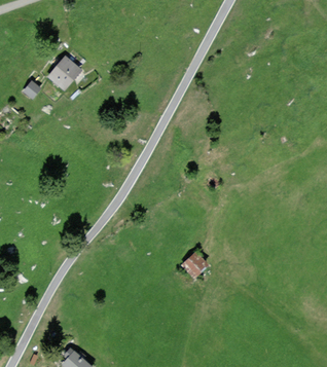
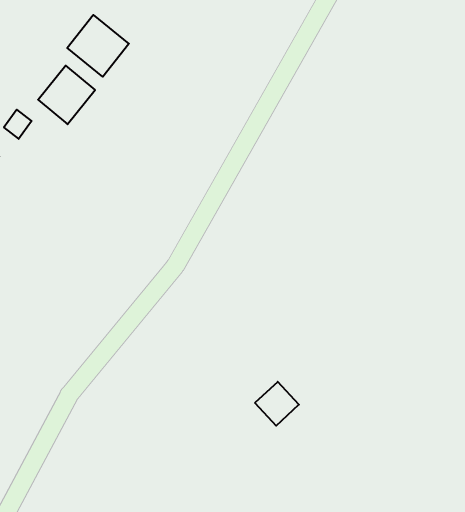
building: none -> [67,15,129,77]

